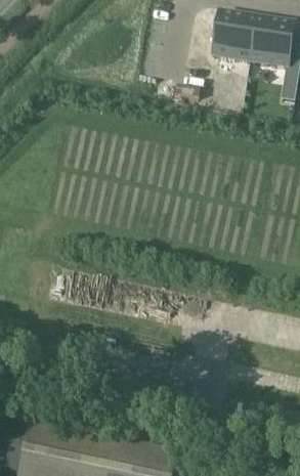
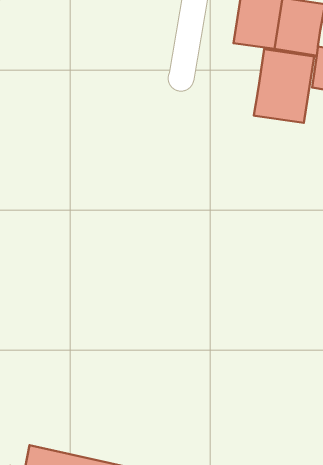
building: none -> [254,49,314,123]

